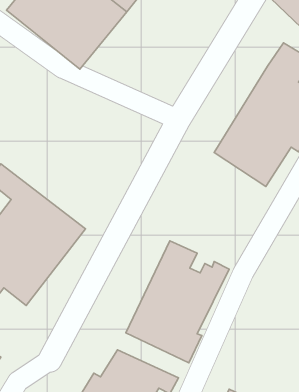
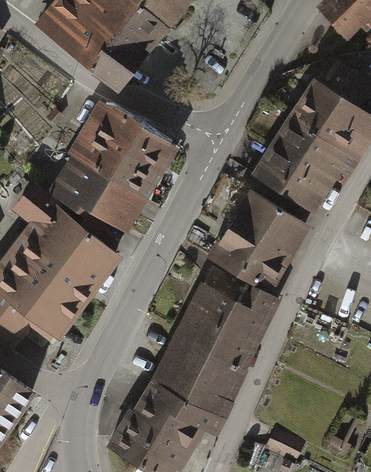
building: none -> [47,103,179,235]
building: none -> [208,191,307,287]
building: none -> [154,367,230,417]

